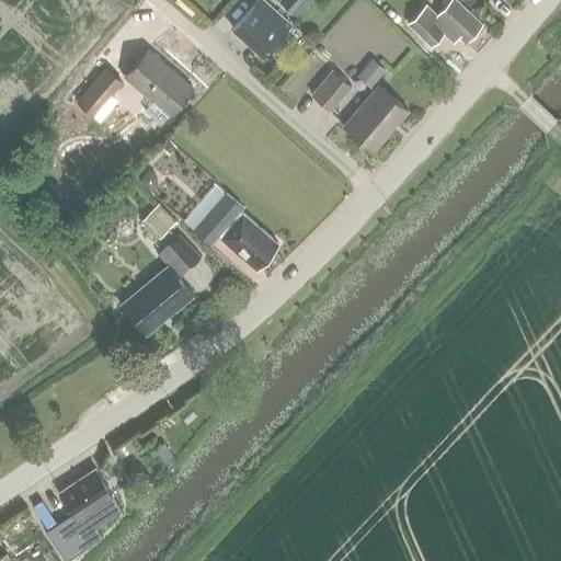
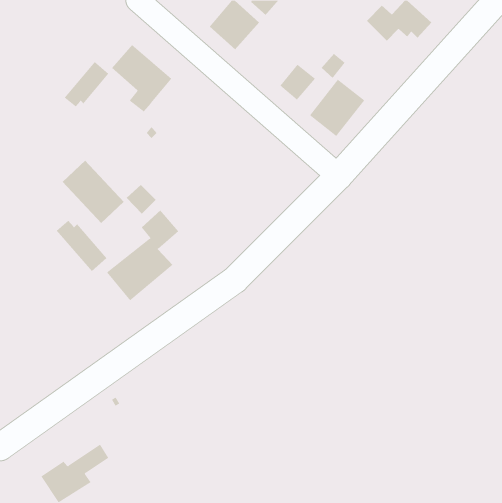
building: none -> [62,160,125,224]
building: [194,193,278,270] -> none
building: none -> [56,220,107,272]
building: [59,468,113,518] -> none

